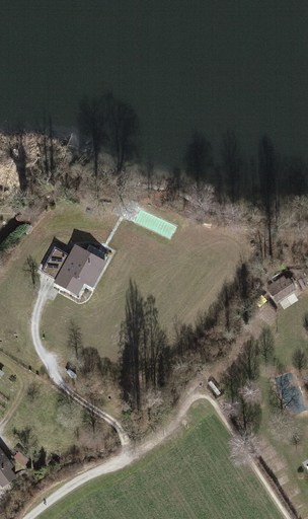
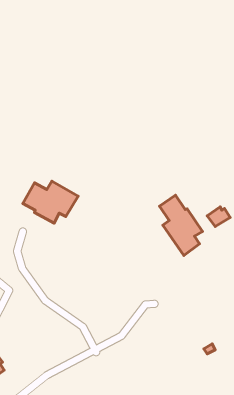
building: none -> [160,195,202,255]

